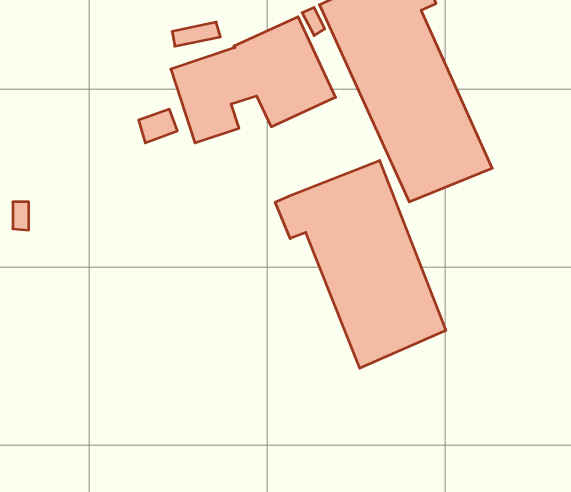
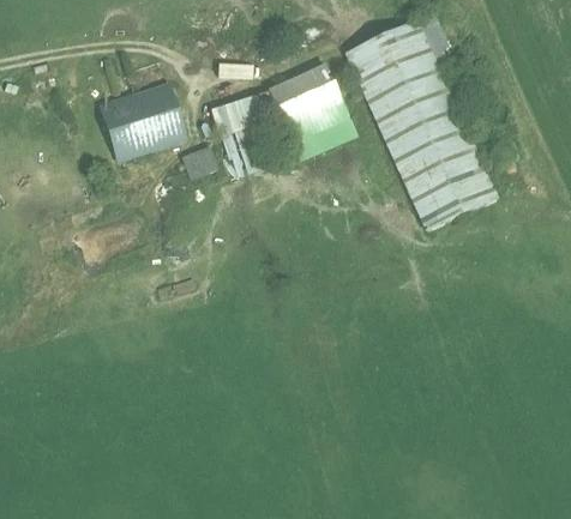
building: none -> [101,83,187,161]
building: [275,160,446,368] -> none

